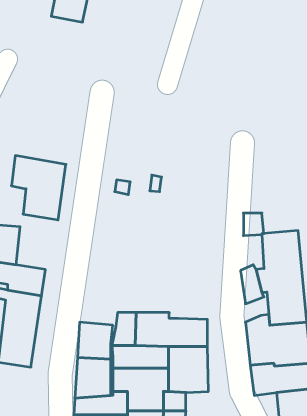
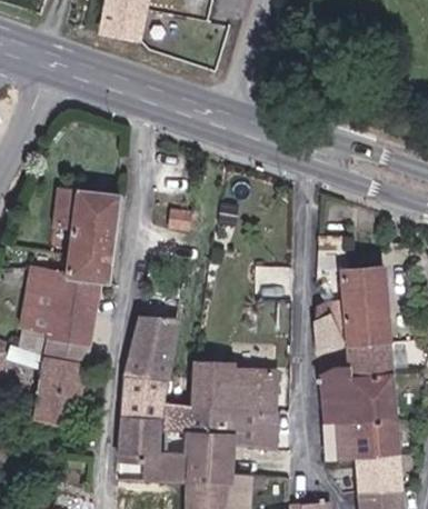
building: none -> [59,251,107,315]
building: none -> [131,318,178,378]

